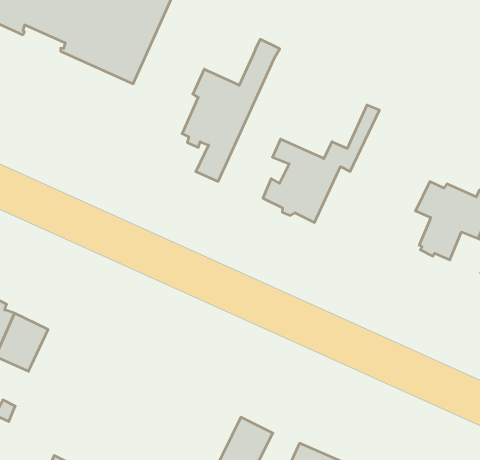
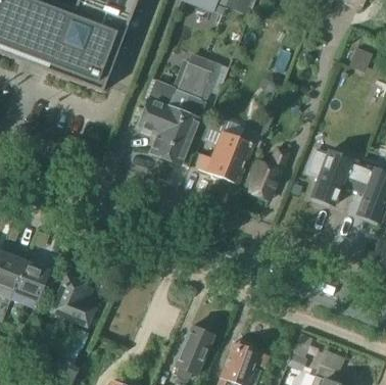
building: none -> [166,61,221,164]
building: none -> [246,147,290,200]
building: none -> [54,277,92,324]

